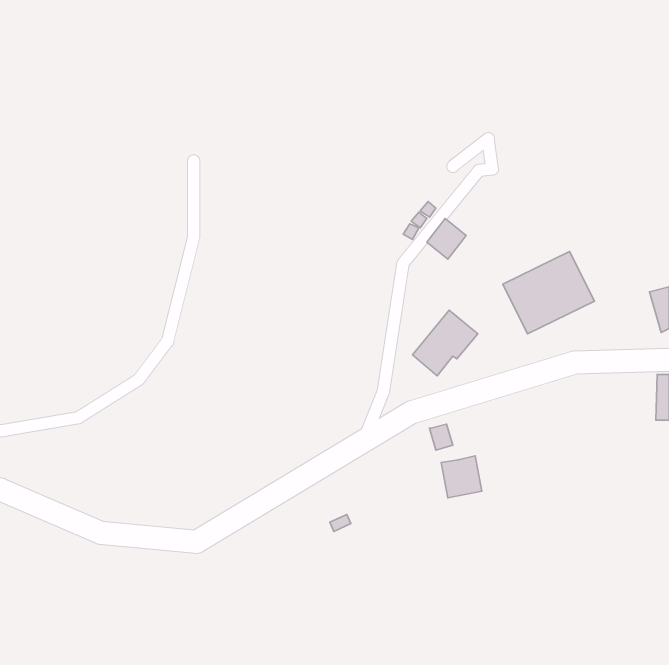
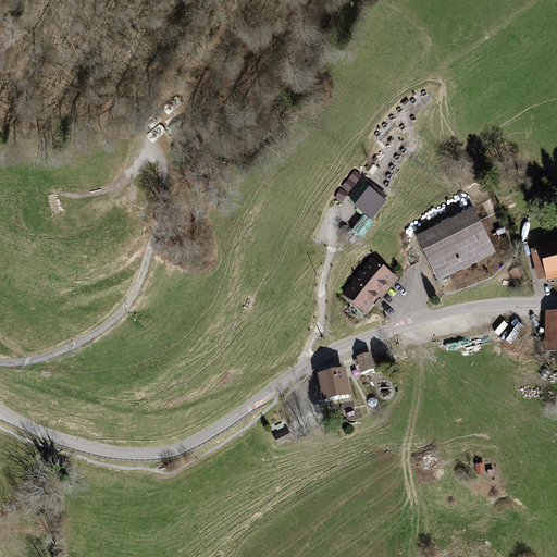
building: [441,456,482,498] -> [318,369,351,404]

